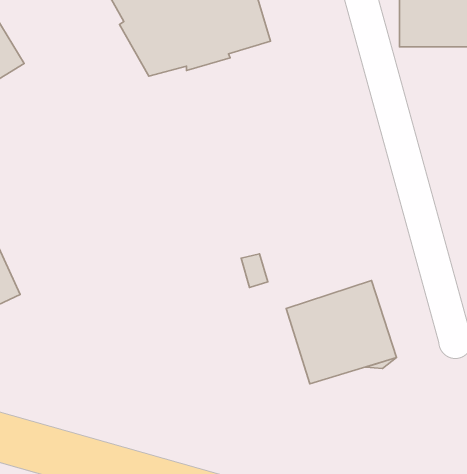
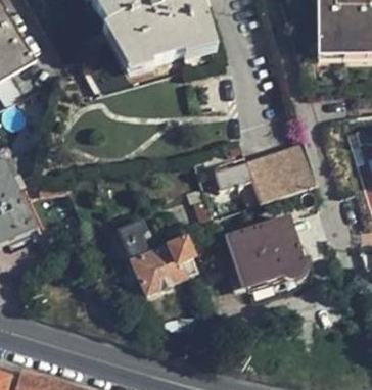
building: none -> [217,145,317,203]
building: none -> [117,217,195,297]

